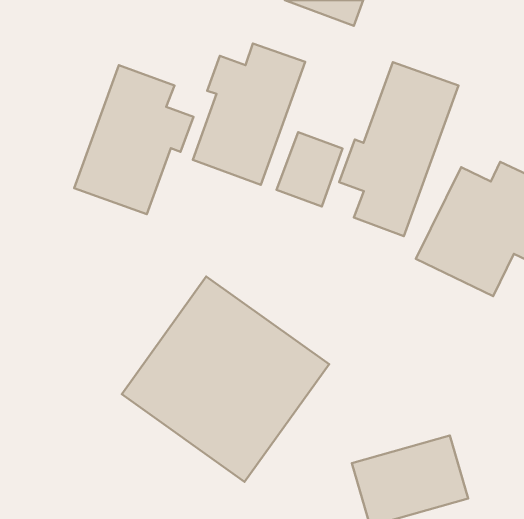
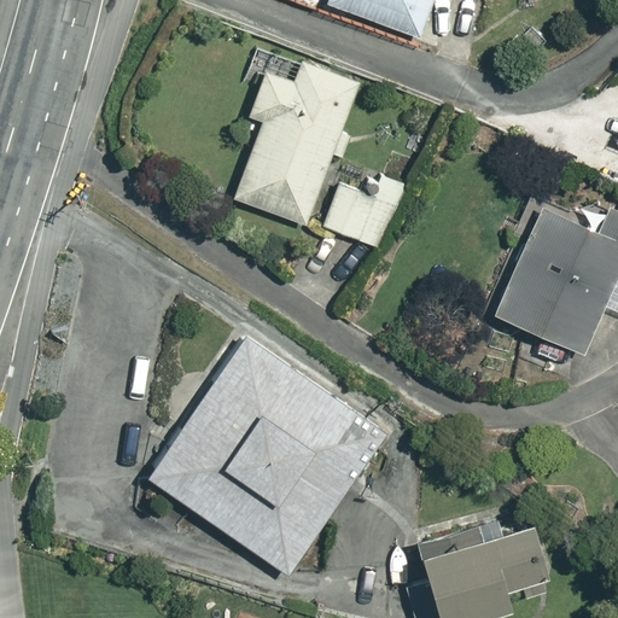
building: [339,62,458,236] -> none
building: [74,65,193,214] -> none

